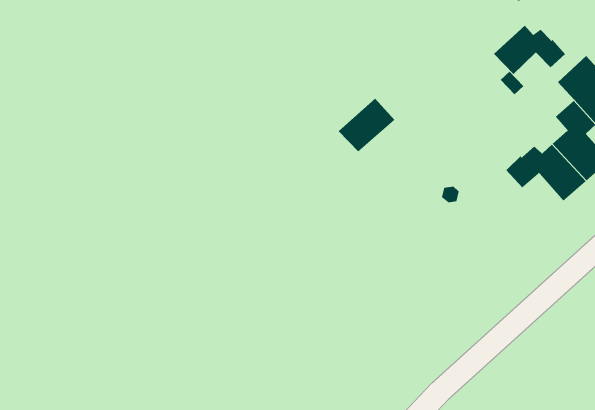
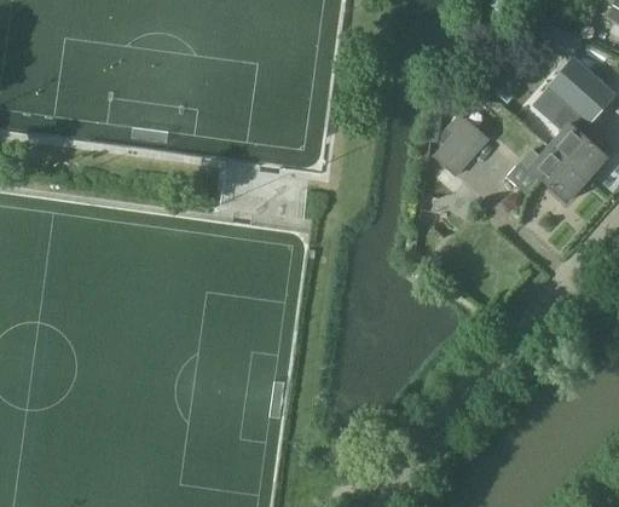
building: [493,25,566,75] -> none
building: [338,98,395,152] -> [434,120,488,174]

